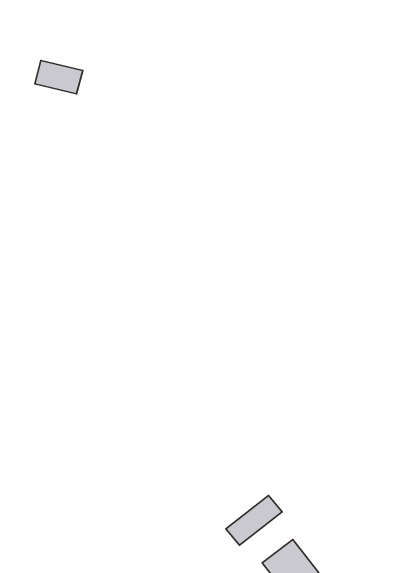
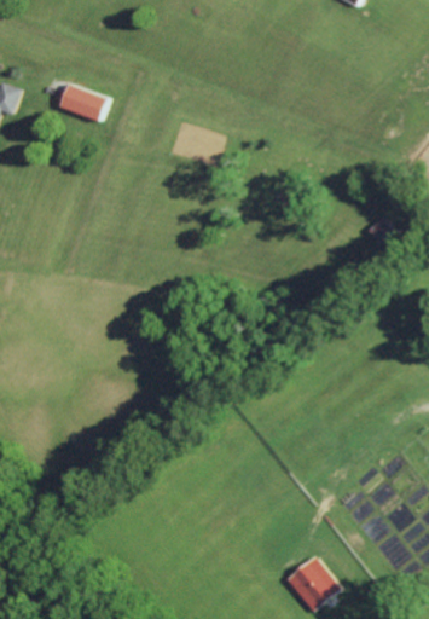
building: [226,496,282,545] -> none

